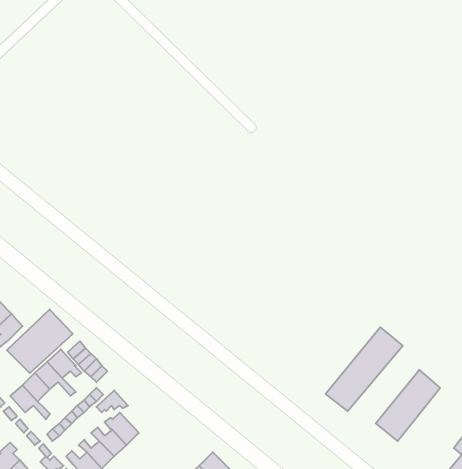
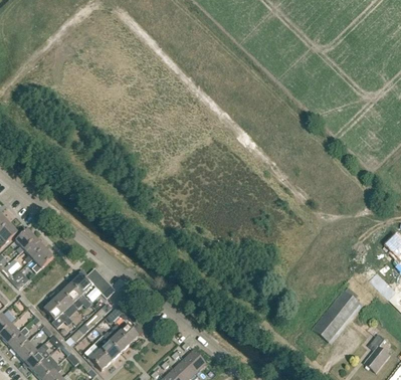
building: [7,309,73,373] -> none
building: [326,327,403,411] -> none

